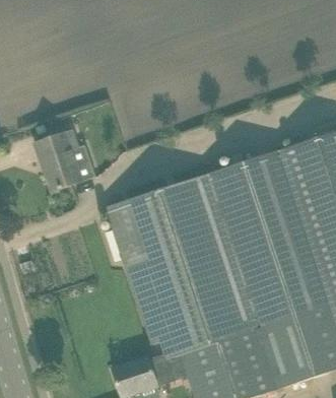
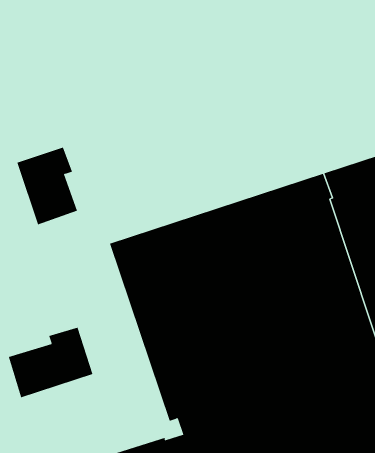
building: none -> [8,327,93,398]

